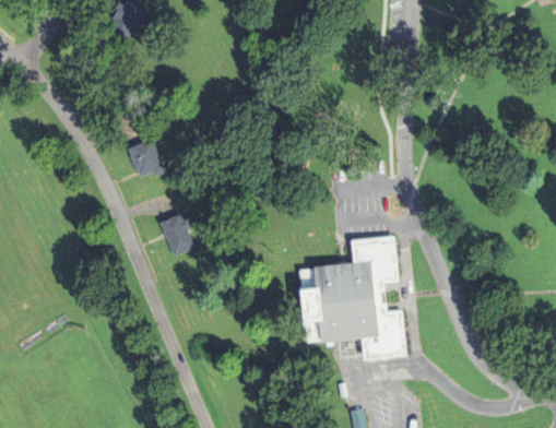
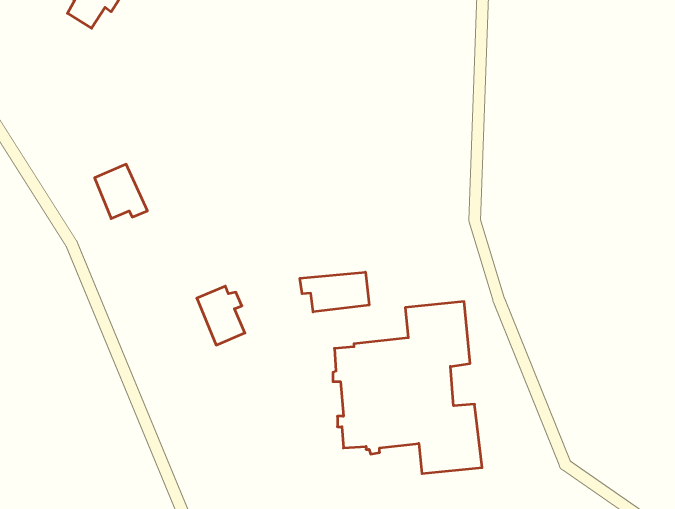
building: [158,212,193,254] -> [197,286,245,345]
building: none -> [300,272,369,312]

